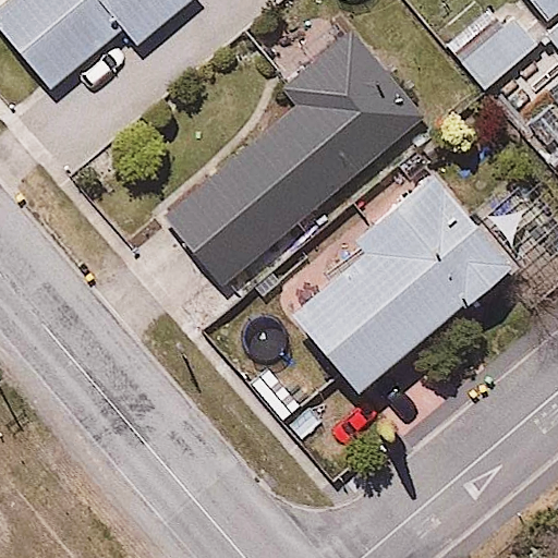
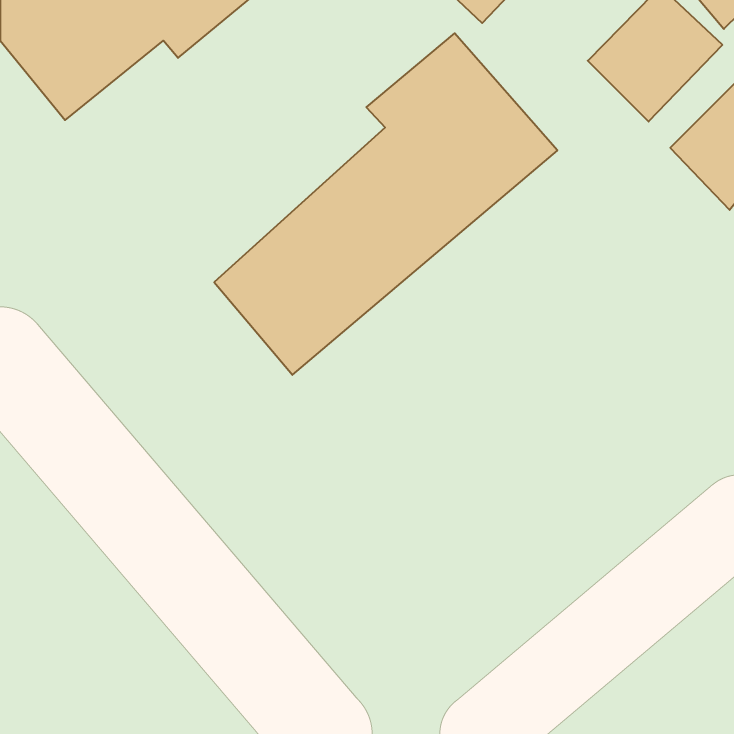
building: [290,173,514,396] -> none

